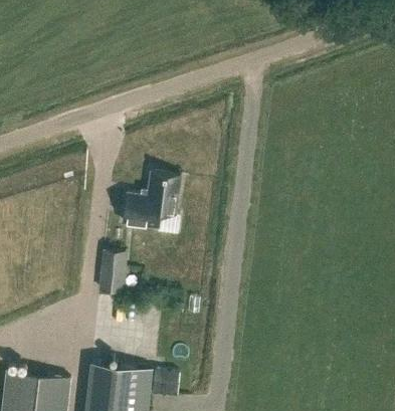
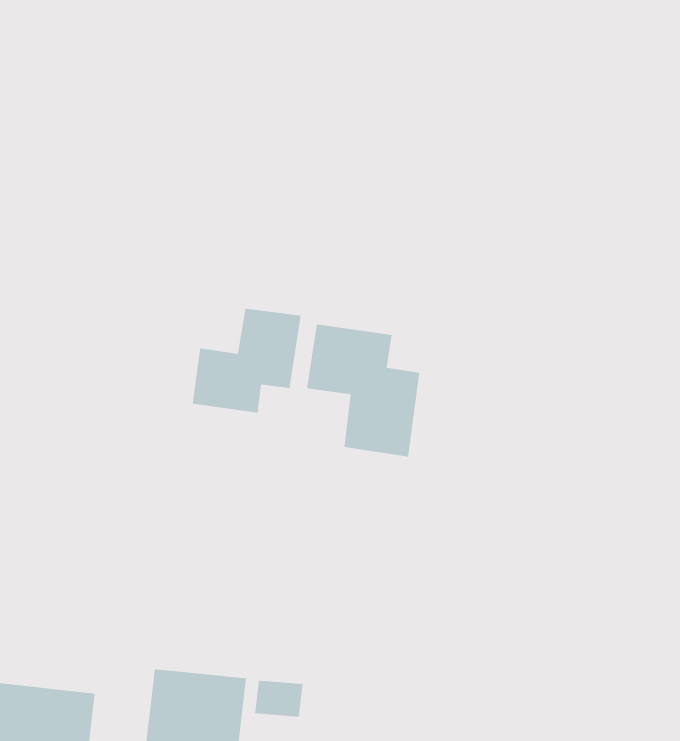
building: none -> [306,324,420,457]
building: [96,252,127,295] -> none

